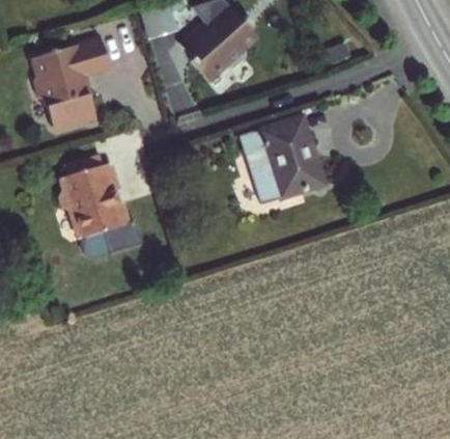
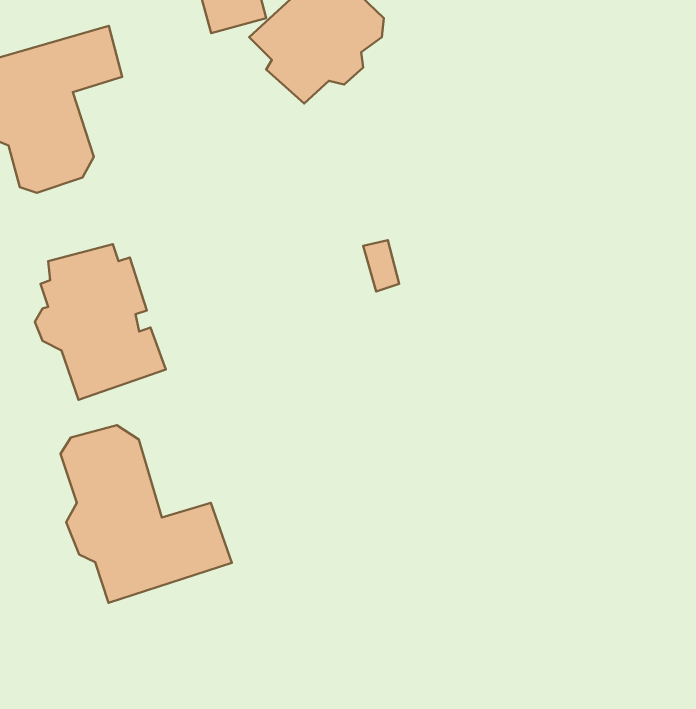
building: [247,112,330,201] -> none
building: none -> [60,425,232,603]

